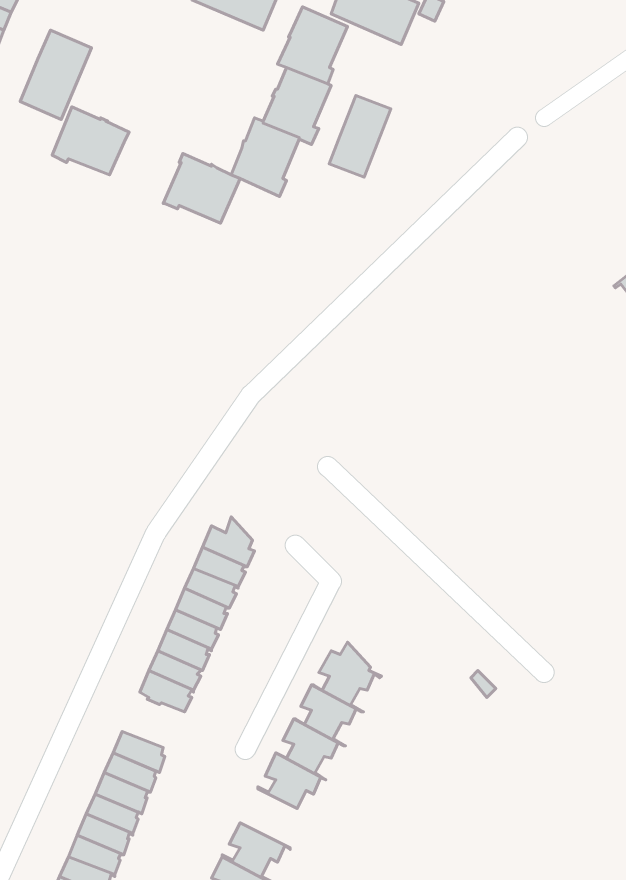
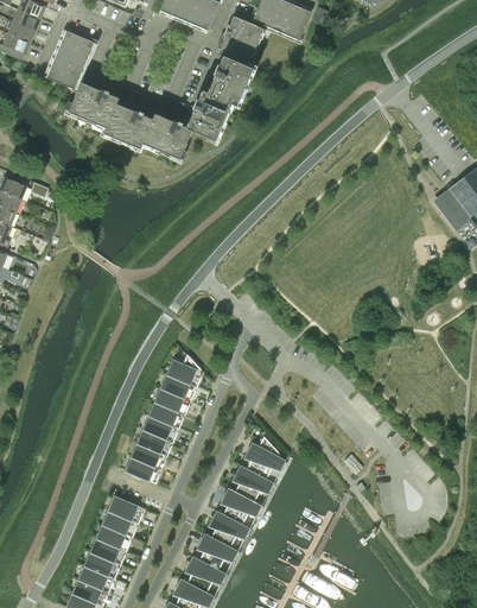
building: [329,96,391,177] -> none
building: none -> [101,103,152,148]
building: none -> [191,534,236,570]

